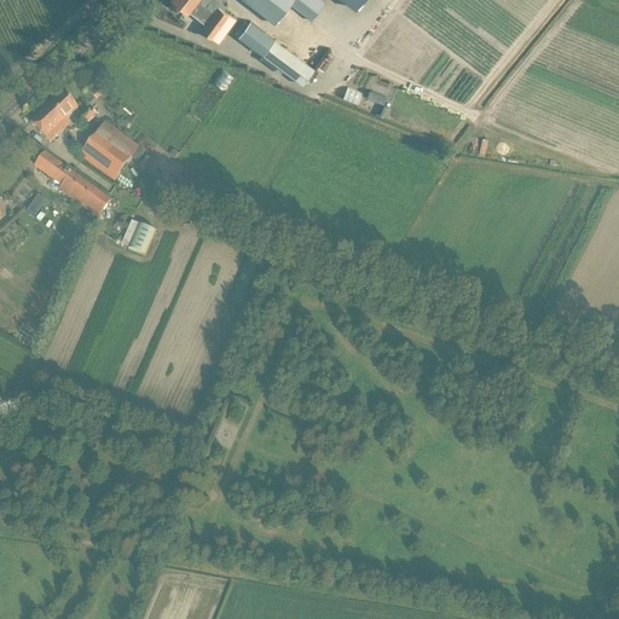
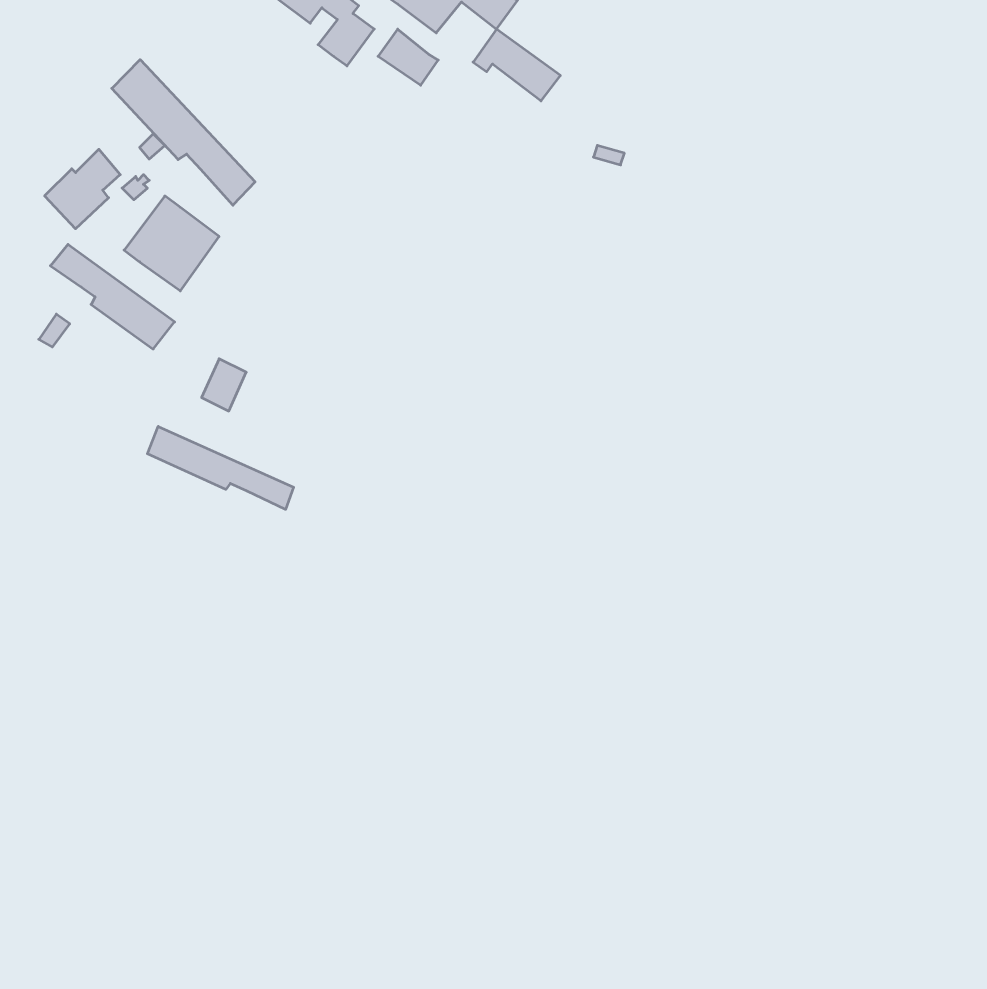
building: none -> [112,60,255,205]
building: [259,37,313,82] -> [473,29,560,101]
building: none -> [147,426,294,509]

